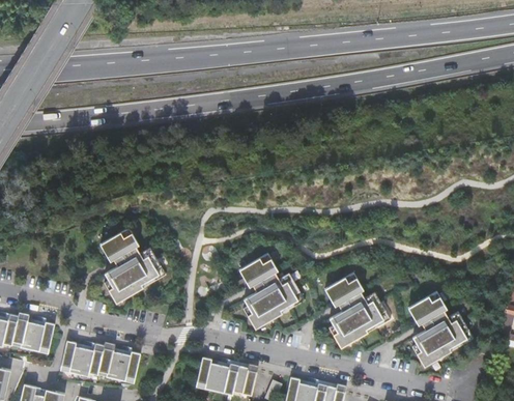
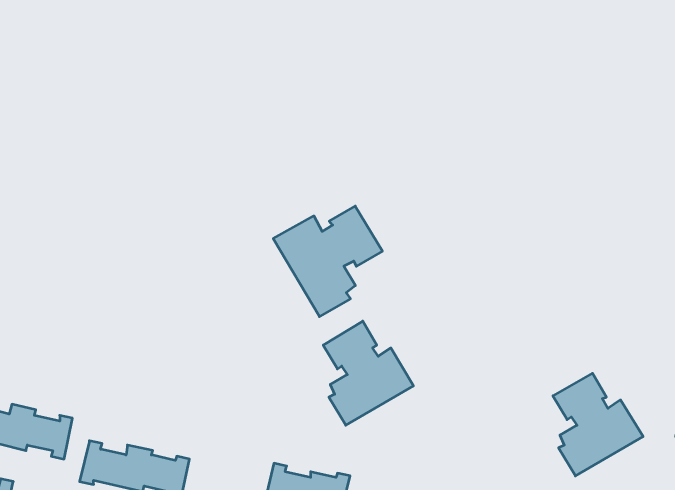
building: none -> [273,206,382,317]
building: [99,228,166,304] -> none
building: [324,273,391,348] -> none

